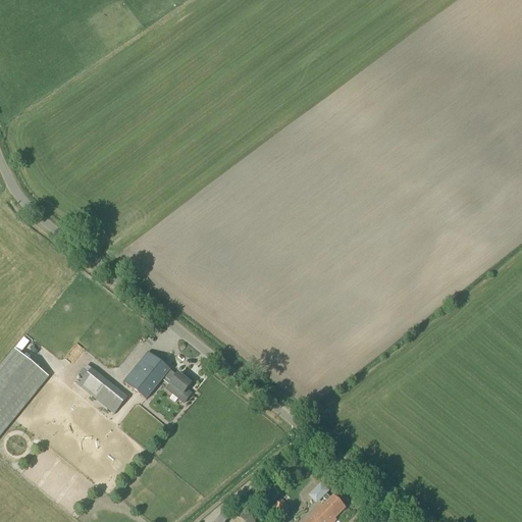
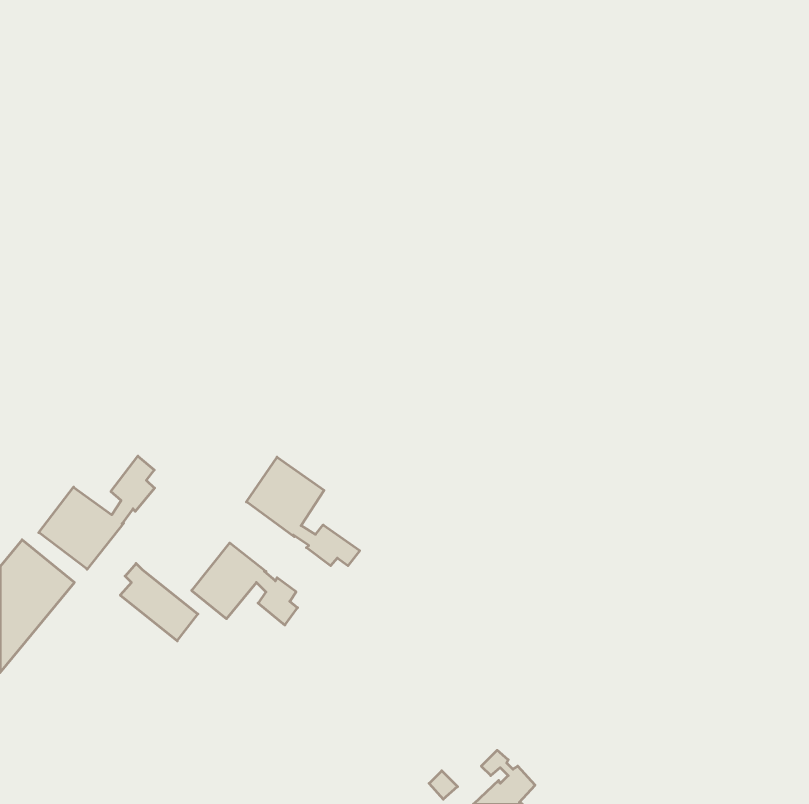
building: none -> [39,456,155,569]
building: none -> [246,457,360,566]

